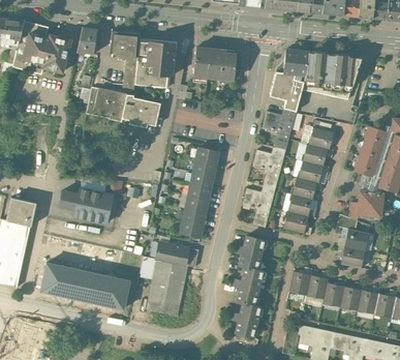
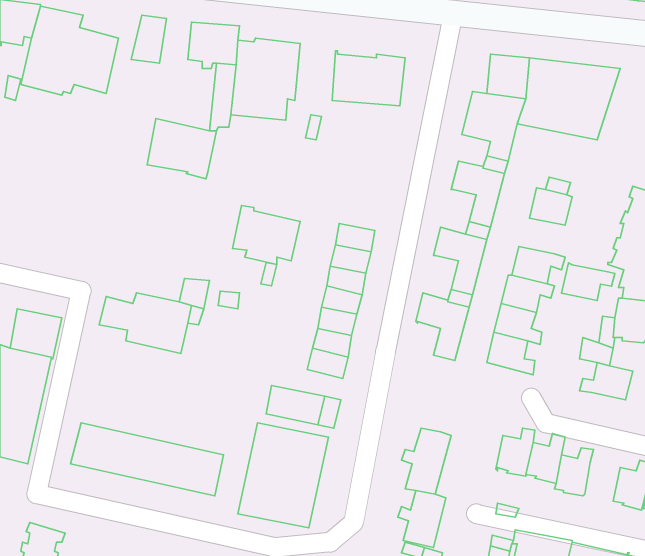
building: [121,94,160,128] -> [232,206,300,264]
building: [302,144,333,166] -> [562,263,615,300]
building: [236,236,264,269] -> none
building: [334,246,364,268] -> none
building: [340,282,363,310] -> none

